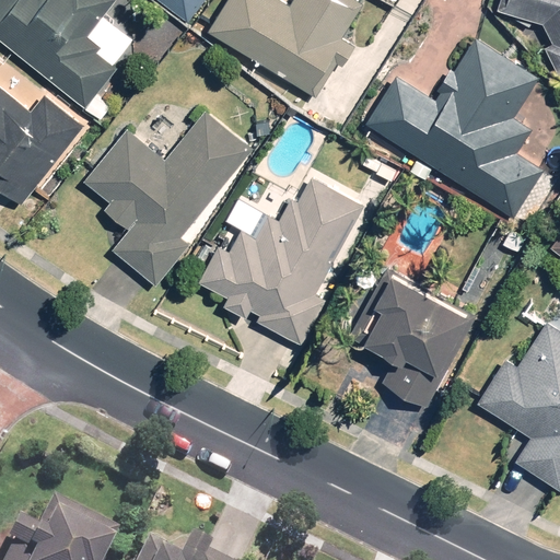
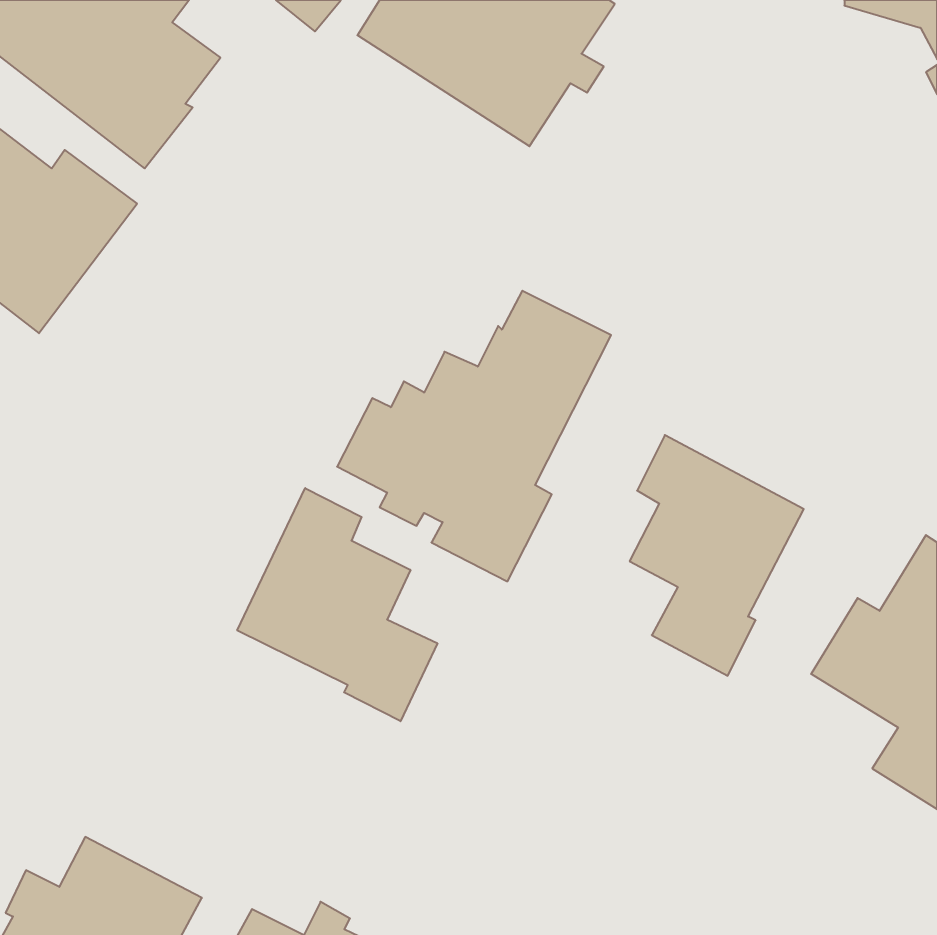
building: [369,38,547,219] -> none
building: [83,113,249,285] -> none
building: none -> [237,488,437,721]

